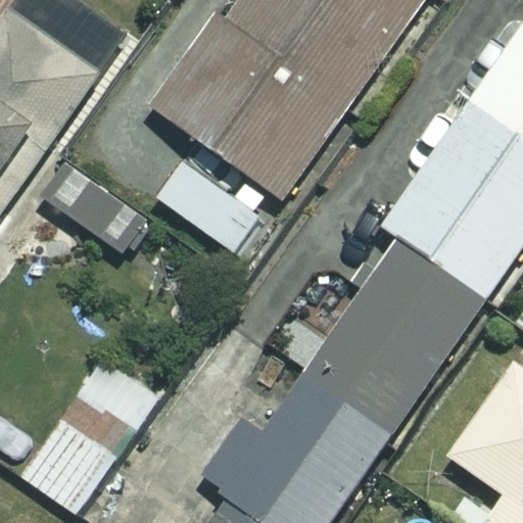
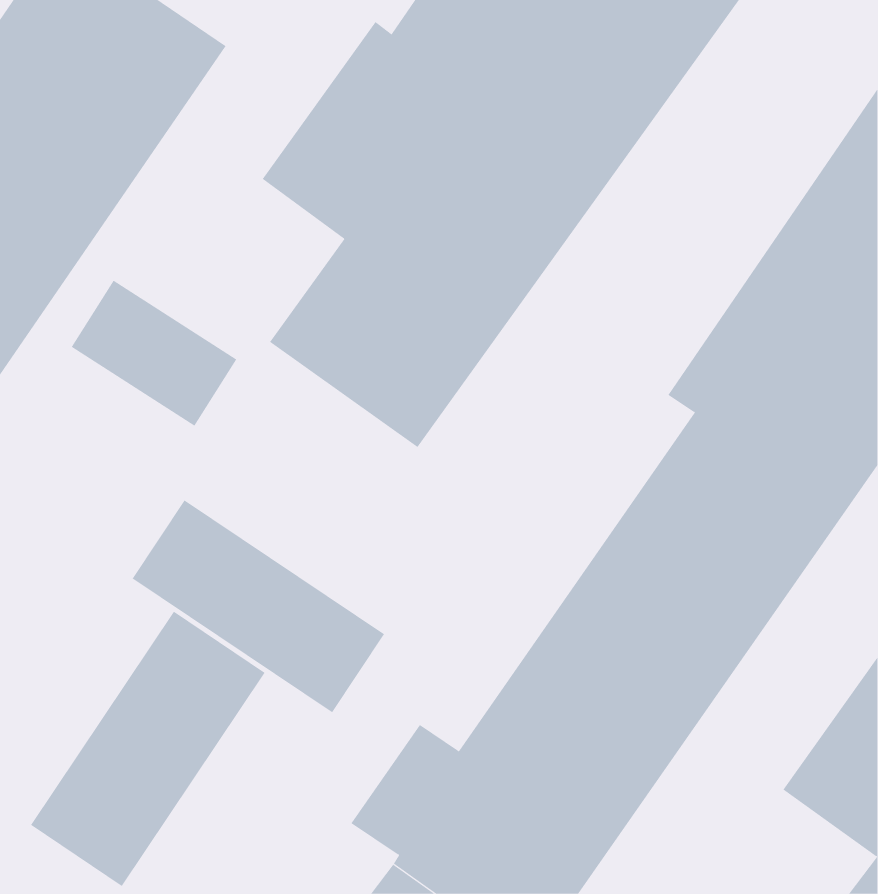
building: none -> [132,500,385,713]

